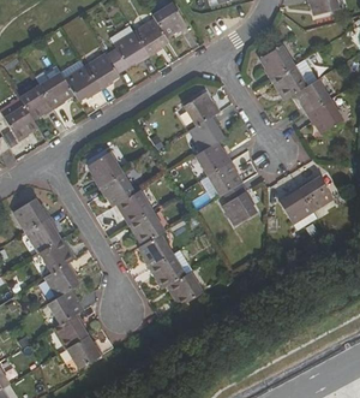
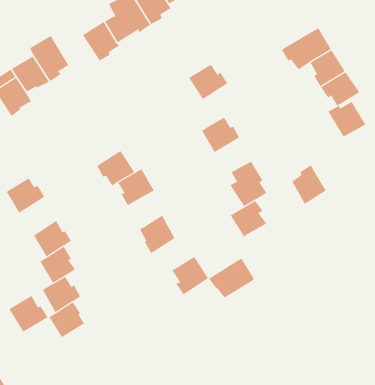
building: [262,46,295,81] -> none
building: [61,60,102,103] -> none
building: [191,117,226,152] -> none
building: [89,154,122,189] -> none
building: [209,162,244,197] -> [230,200,267,238]
building: [299,178,335,212] -> [328,101,366,137]
building: [128,212,166,245] -> none
building: [28,218,62,254] -> none
building: [150,251,193,289] -> [208,258,255,298]
building: [67,335,104,370] -> [9,295,49,333]

